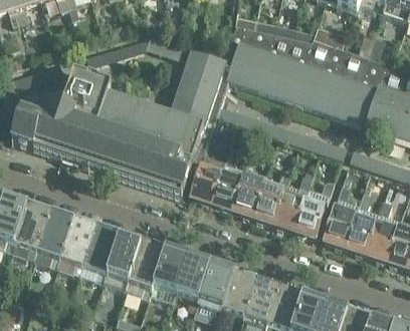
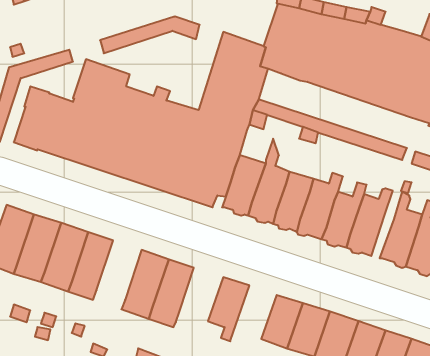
building: [80,225,122,283] -> none
building: [151,248,191,302] -> none
building: [197,263,236,316] -> none

